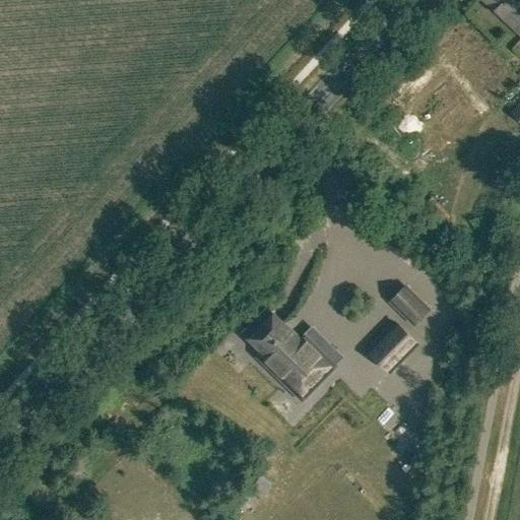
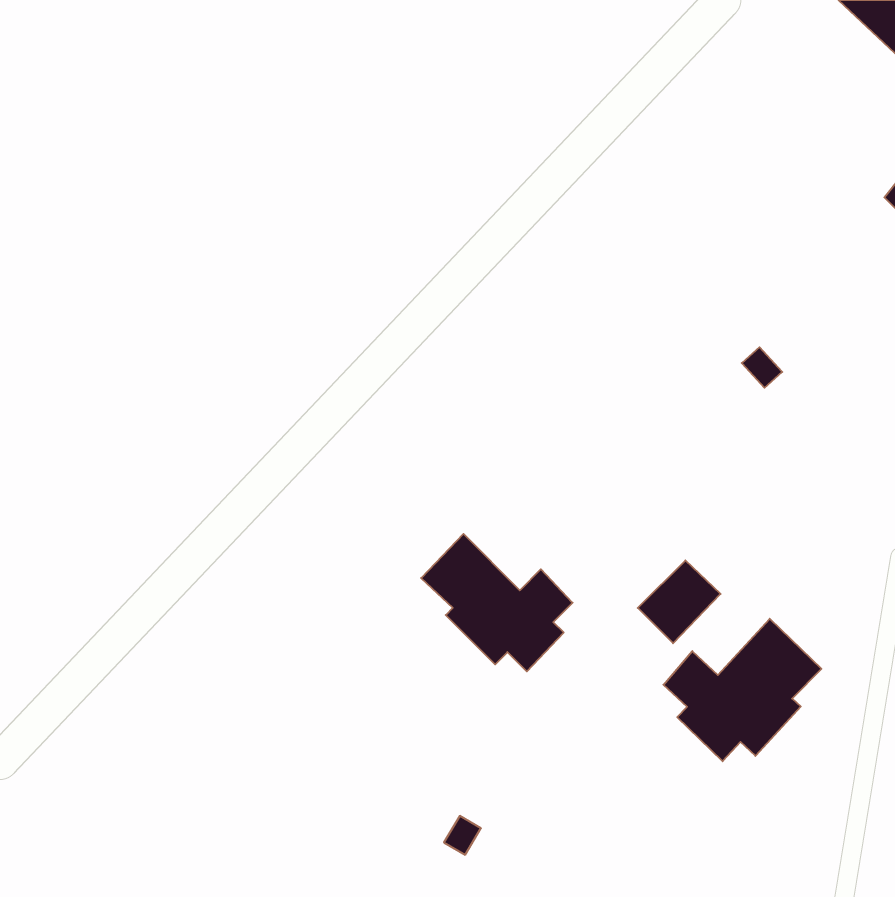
building: [393,288,431,326] -> none
building: none -> [663,619,821,761]

